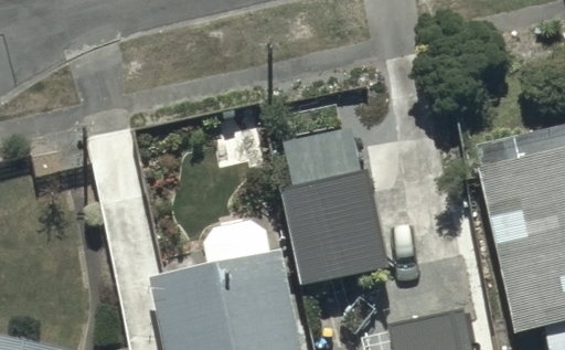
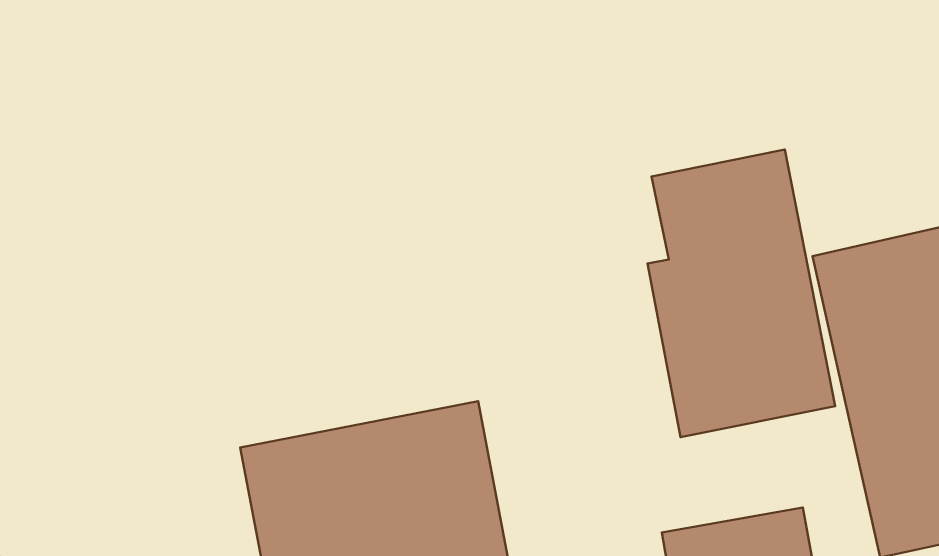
building: [280,123,387,287] -> [648,149,835,437]

